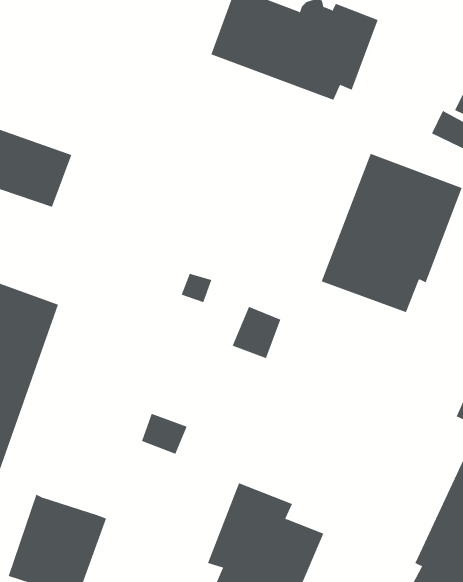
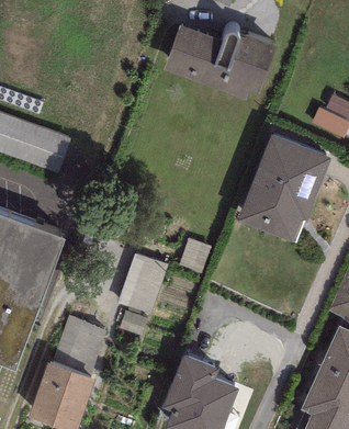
building: none -> [117,252,167,314]
building: none -> [52,314,104,376]

